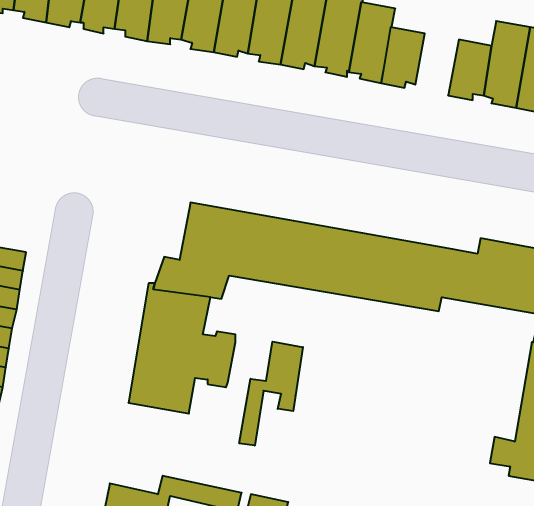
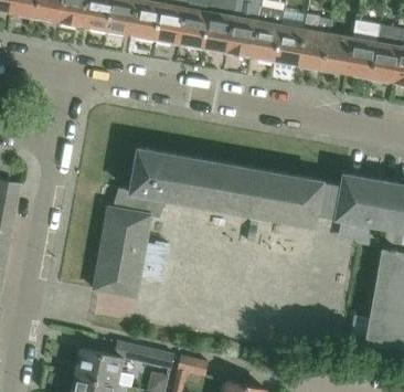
building: none -> [298,13,331,72]
building: [239,342,303,446] -> none

